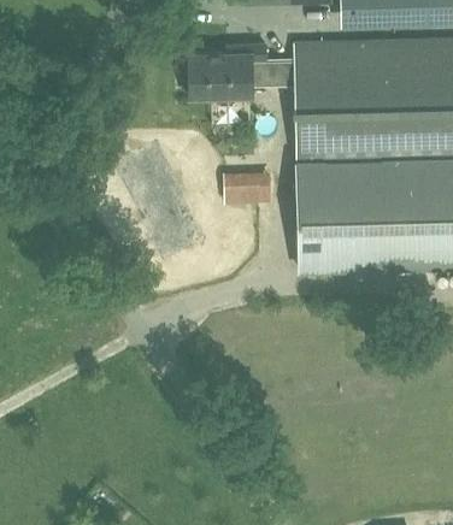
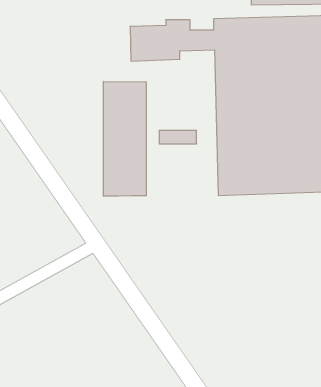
building: none -> [104,81,146,196]

